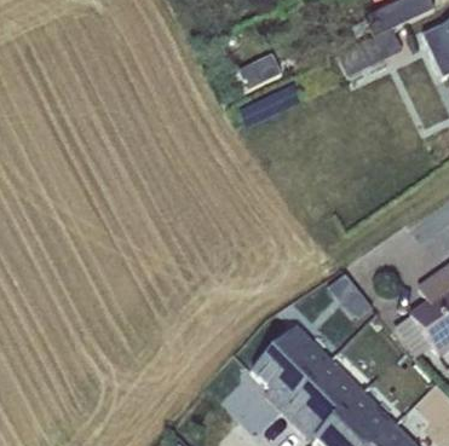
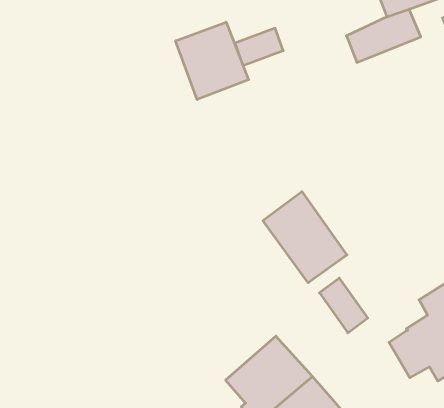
building: none -> [176,22,249,100]
building: none -> [263,192,347,283]

